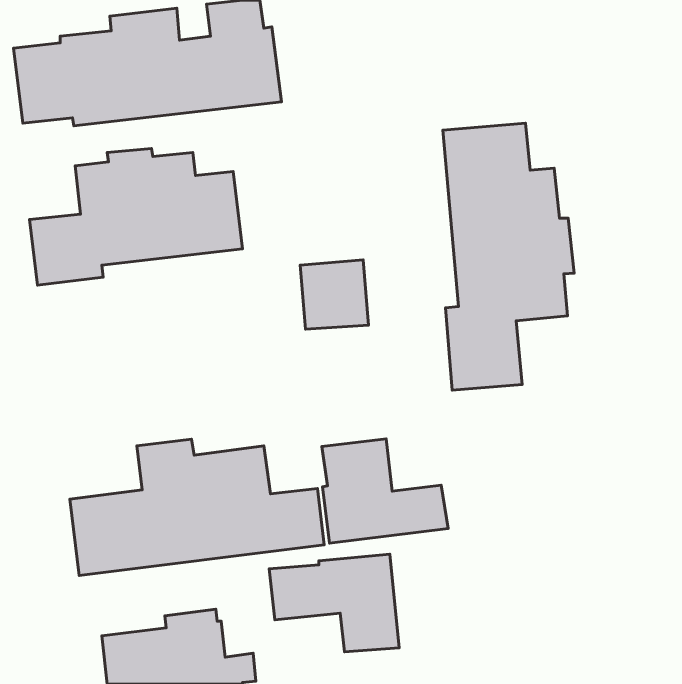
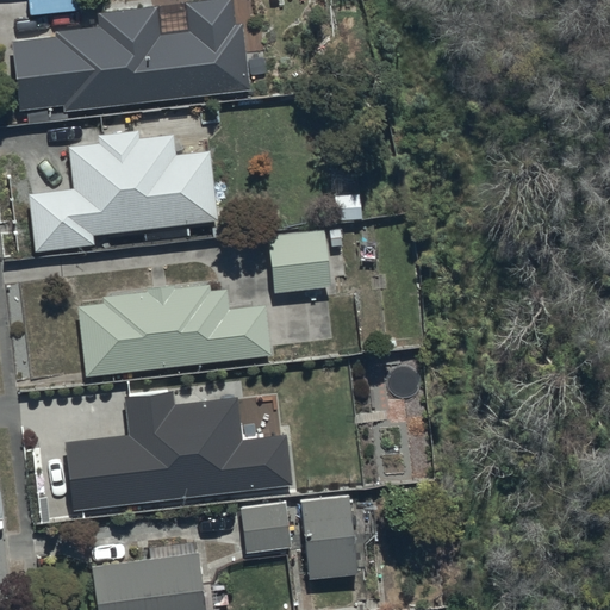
building: [443,123,574,390] -> none
building: none -> [79,285,270,376]
building: [322,439,448,543] -> none

